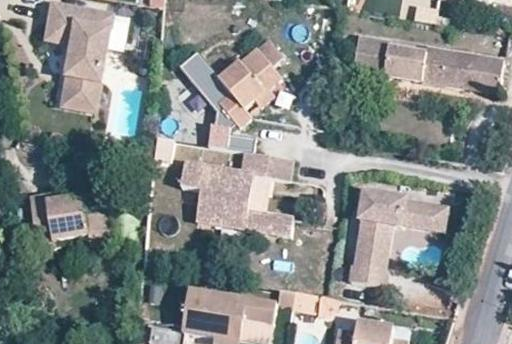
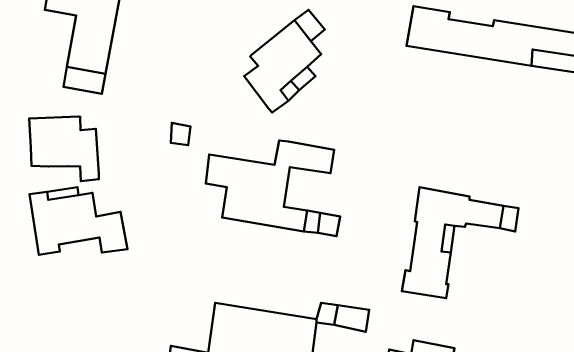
building: [178,49,255,151] -> none
building: none -> [29,117,99,181]

